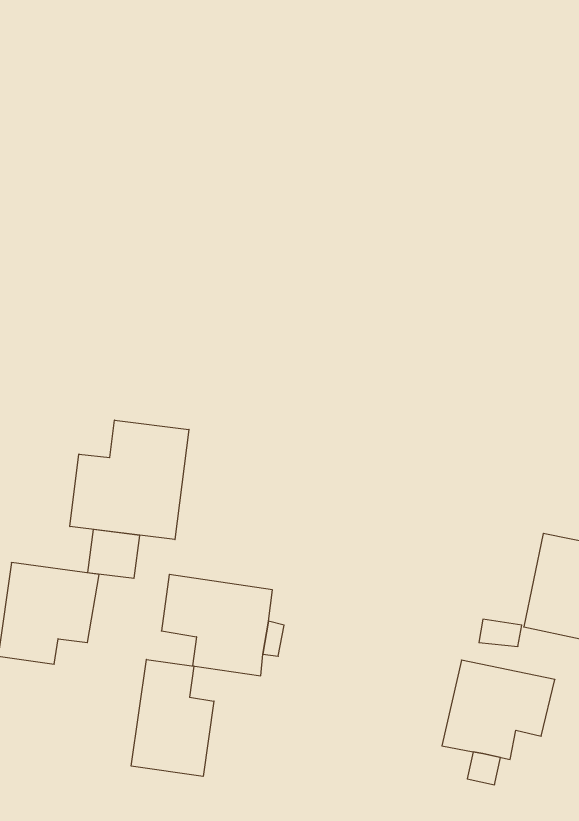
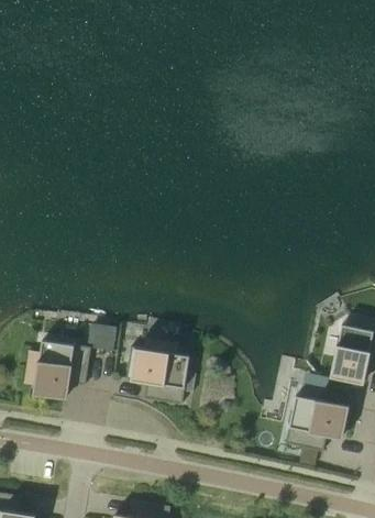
building: [70,420,189,540] -> none
building: [131,659,214,776] -> none

